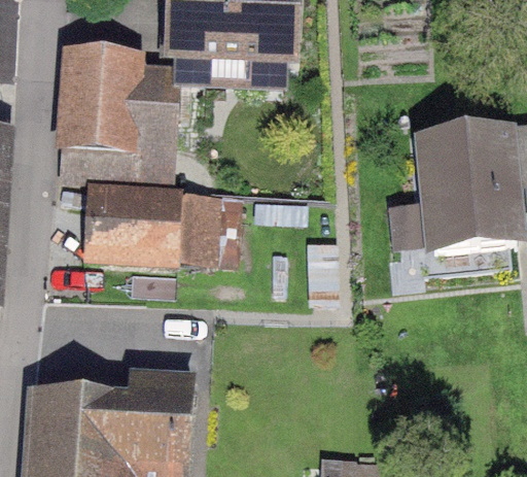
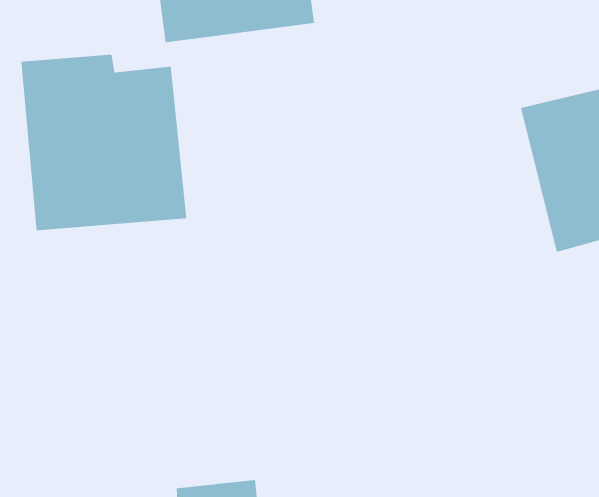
building: [89,186,216,259] -> none

